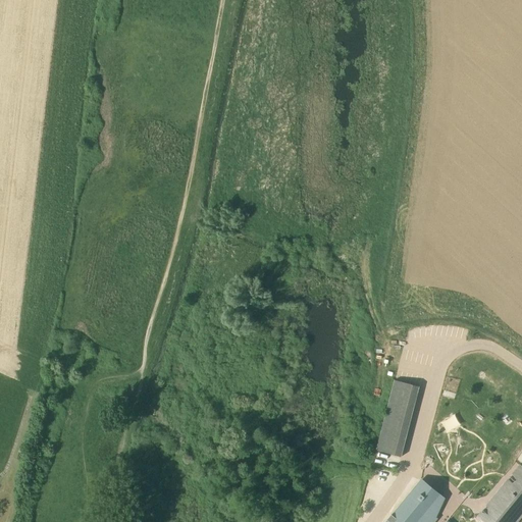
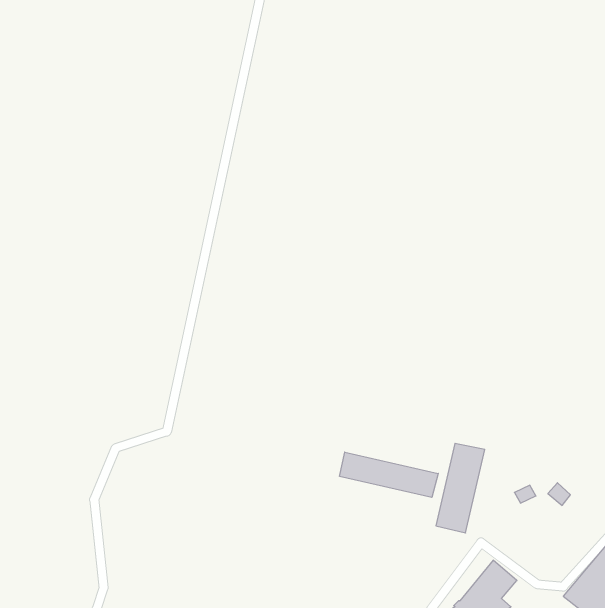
building: none -> [340,452,438,497]

